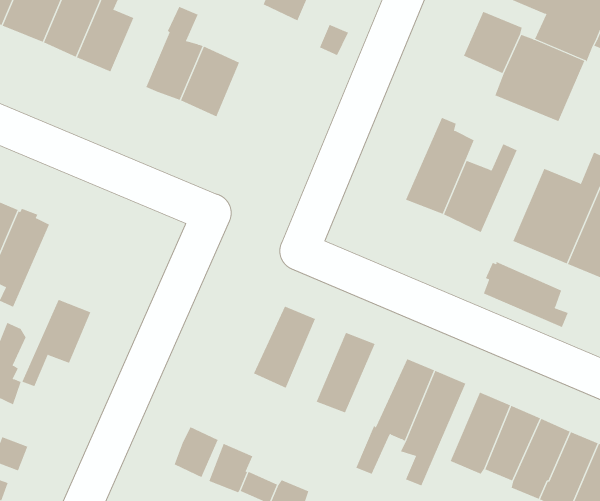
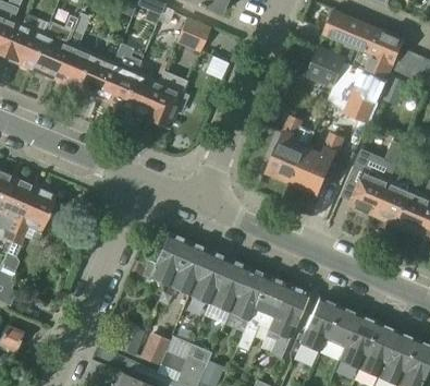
building: none -> [76,51,114,97]
building: none -> [145,71,188,129]
building: [483,261,569,328] -> none
building: none -> [145,231,191,286]
building: [22,299,91,387] -> [12,188,58,245]
building: none -> [192,250,231,304]
building: none -> [231,266,271,321]

